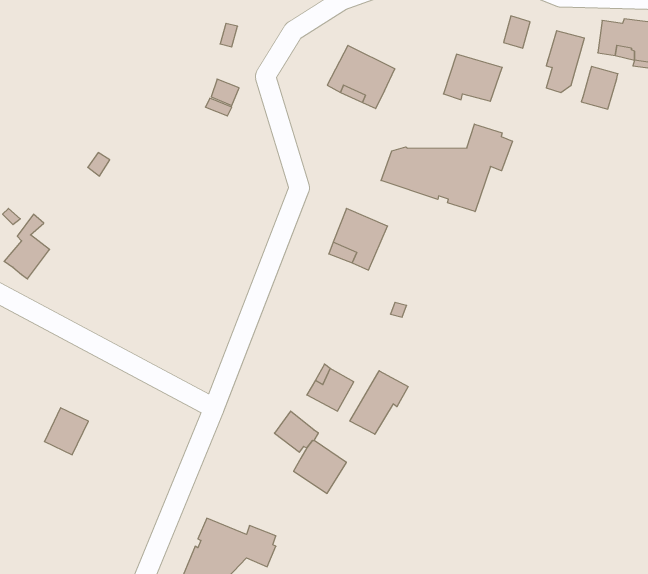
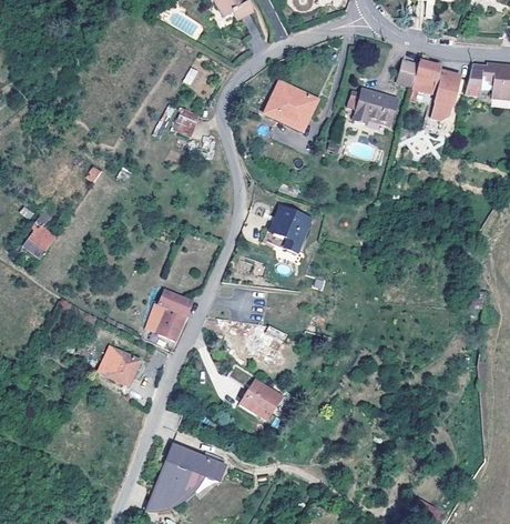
building: [581,66,618,109] -> [412,61,440,93]
building: [381,124,512,212] -> none
building: none -> [146,290,193,340]
building: [350,371,408,434] -> none
building: [44,408,88,455] -> [108,350,141,385]

